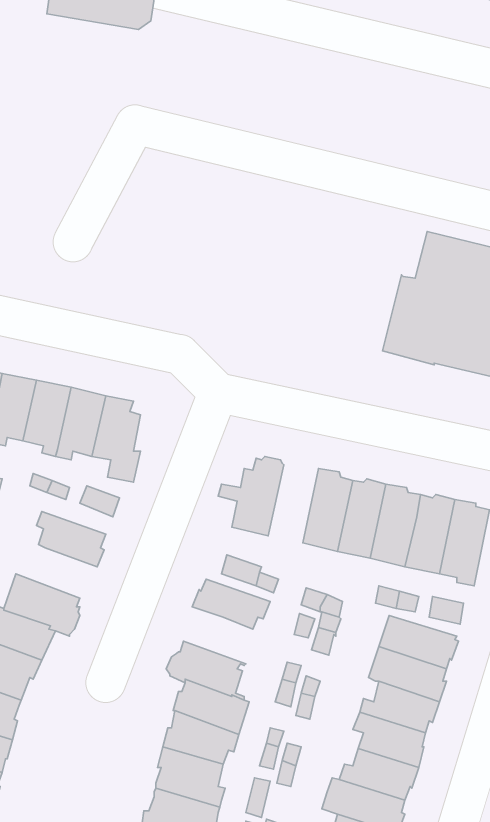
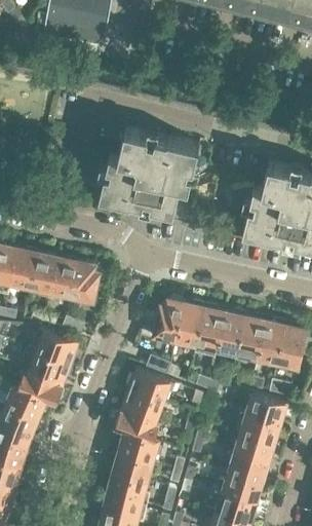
building: none -> [99,126,199,215]
building: none -> [174,300,204,347]
building: none -> [21,344,73,380]
building: none -> [124,385,165,419]

